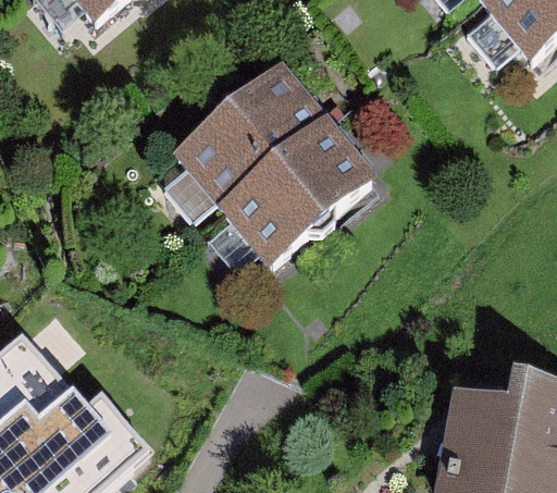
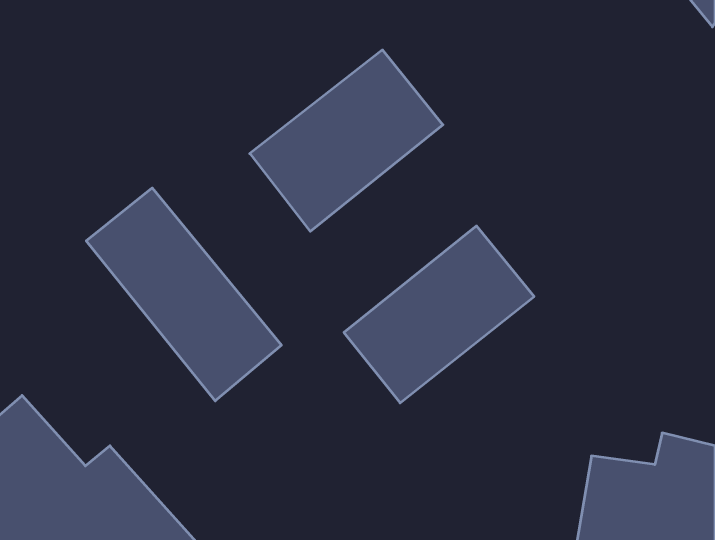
building: [237,133,381,267] -> [344,226,534,403]
building: none -> [86,188,281,401]

